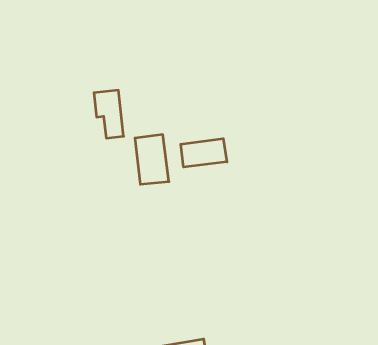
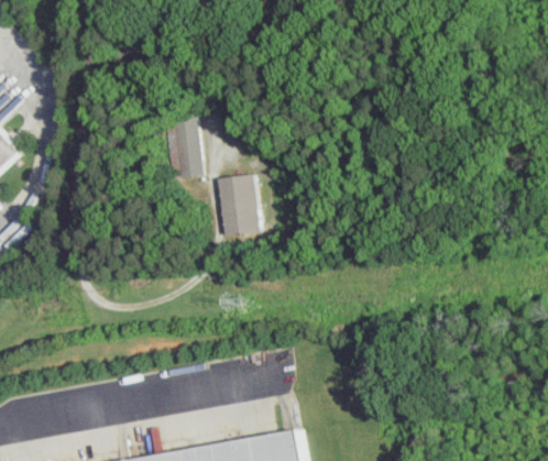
building: [181,139,227,167] -> none

